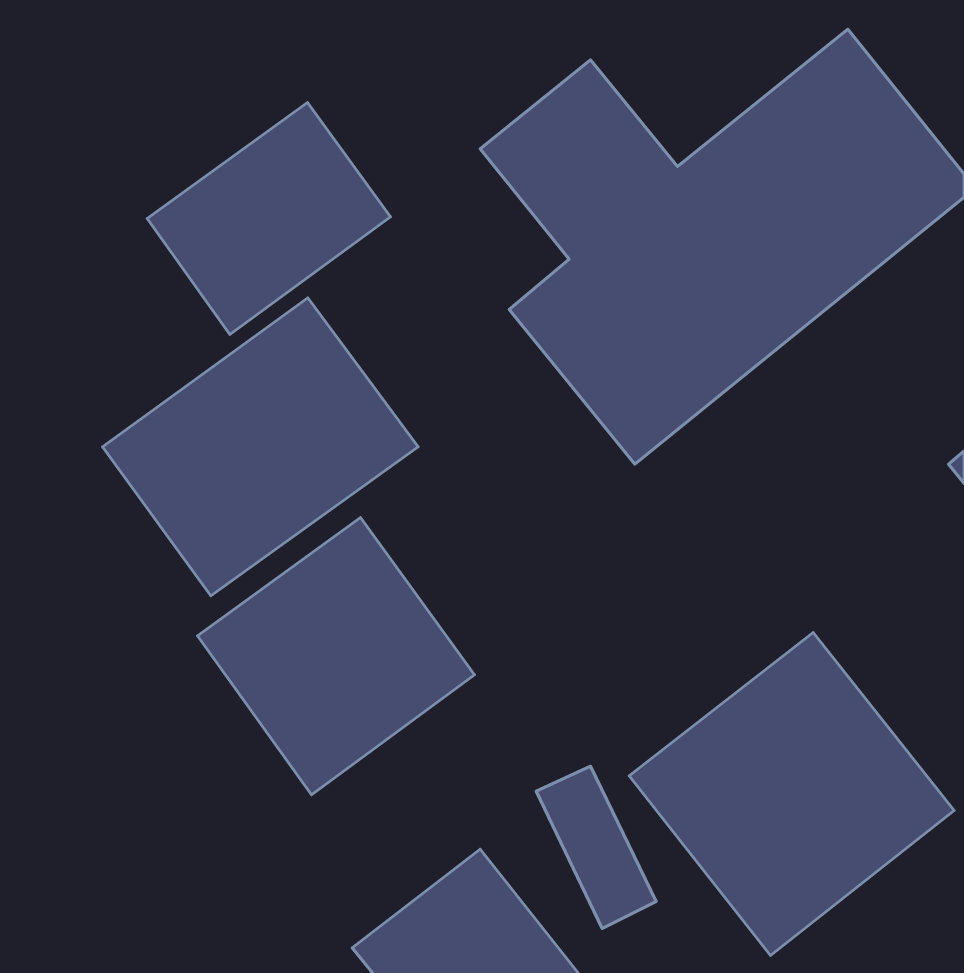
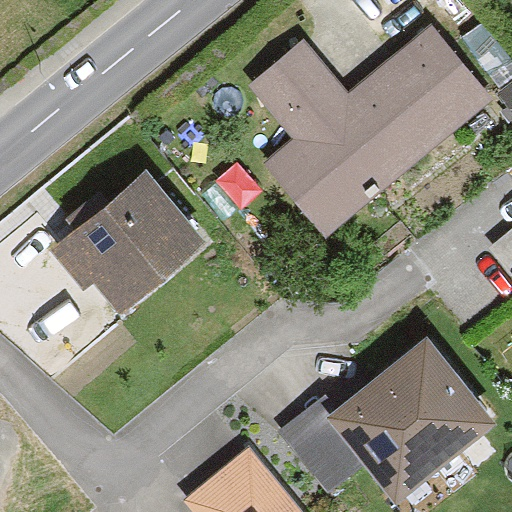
building: [147,102,391,335] -> none
building: [198,518,475,795] -> none

